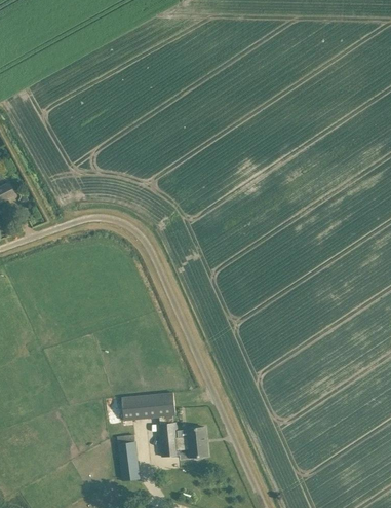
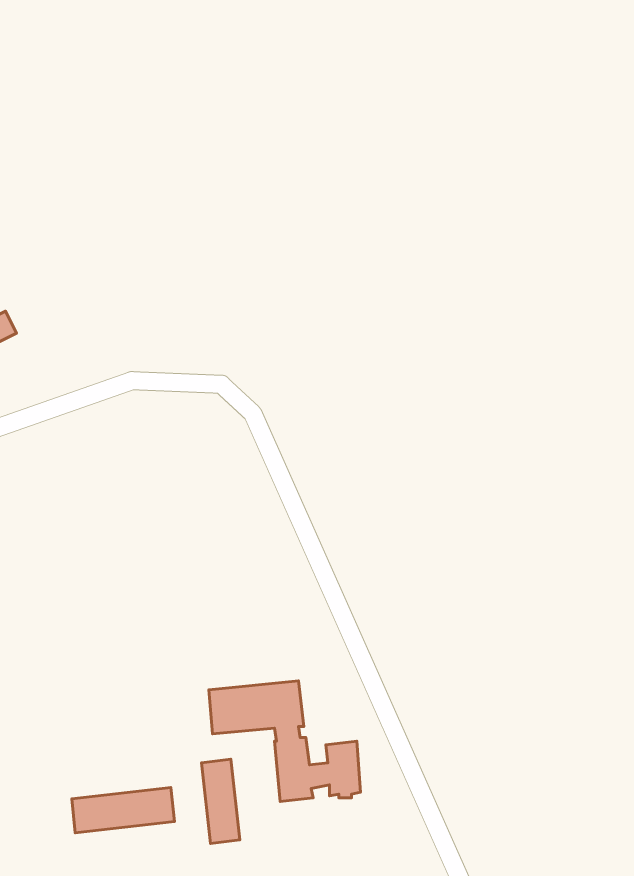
building: none -> [72,788,174,833]

